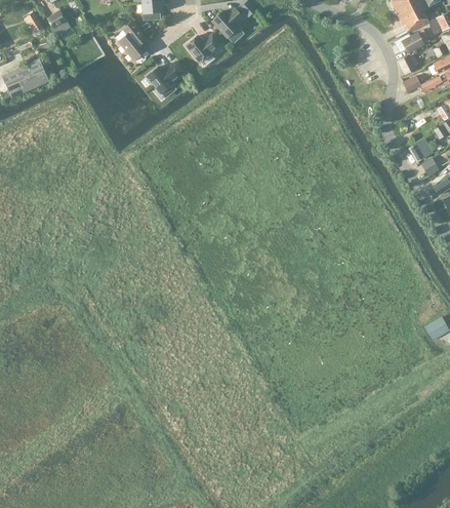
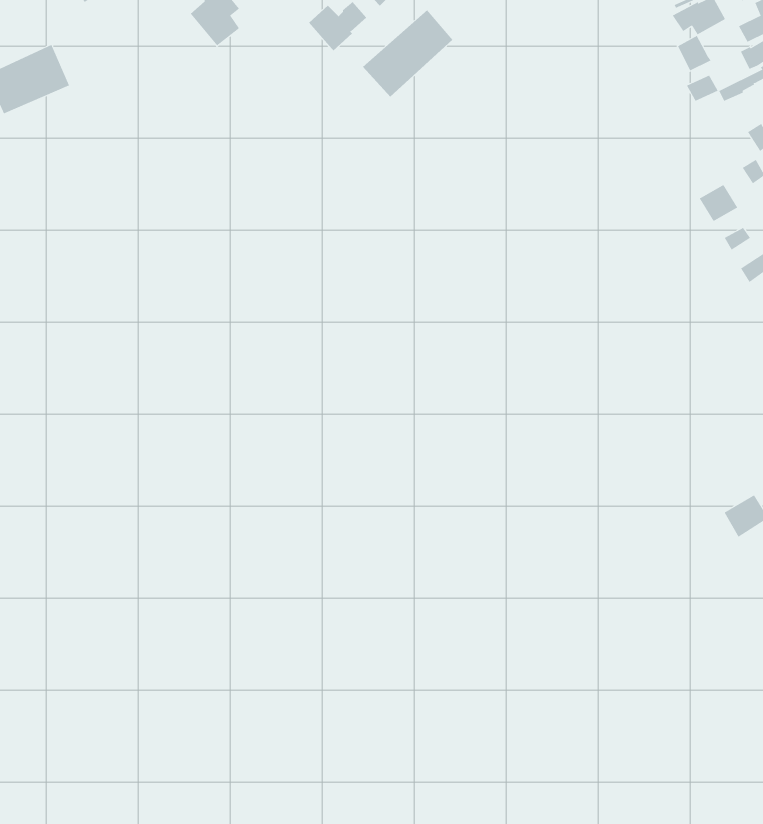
building: none -> [362,10,453,97]
building: [149,61,186,92] -> none

